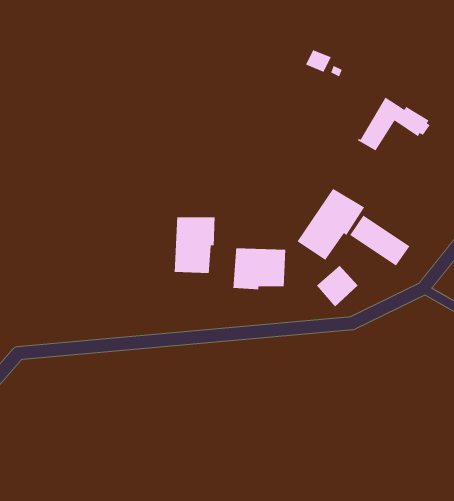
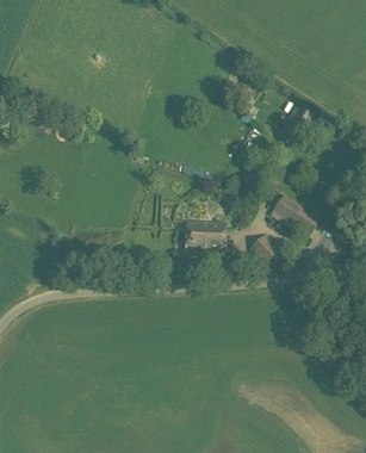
building: [296,188,365,261] -> none
building: [174,216,215,274] -> none

